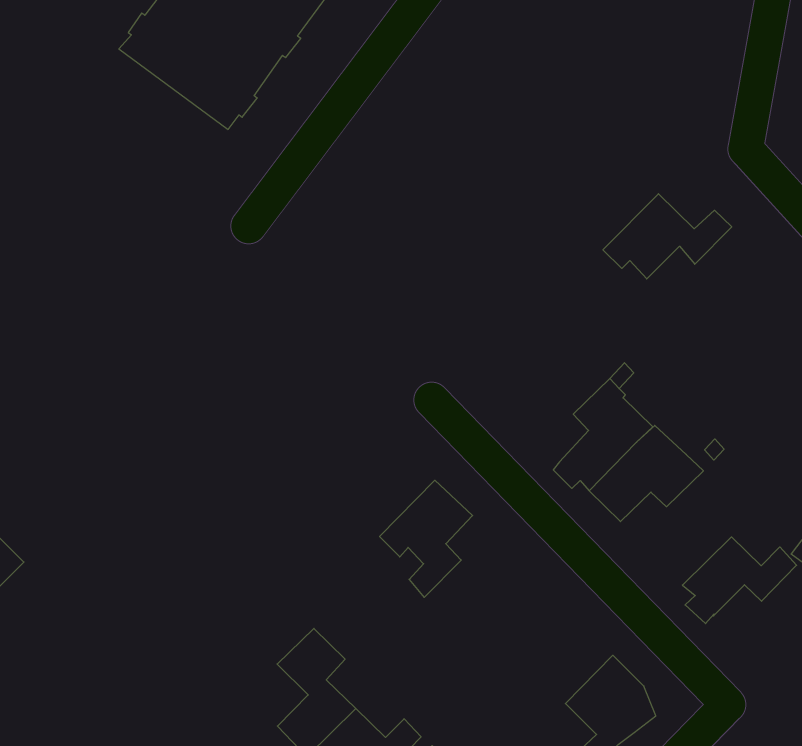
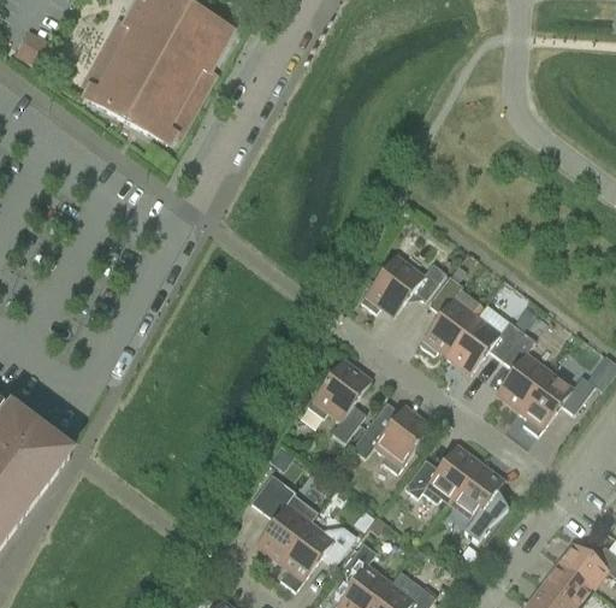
building: [603,194,732,279] -> [361,256,446,315]
building: none -> [496,330,547,409]
building: none -> [351,407,431,472]
building: none -> [404,445,478,502]

